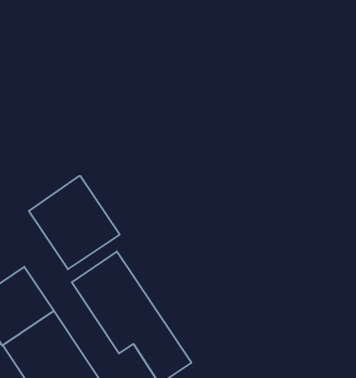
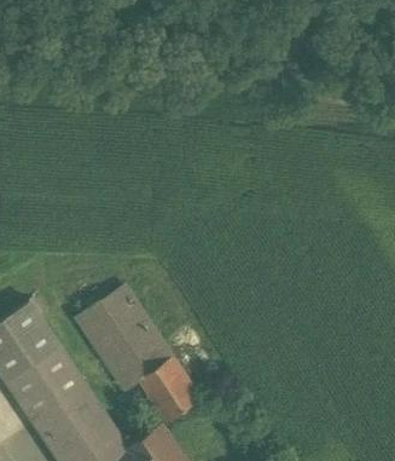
building: [29,176,120,269] -> none

